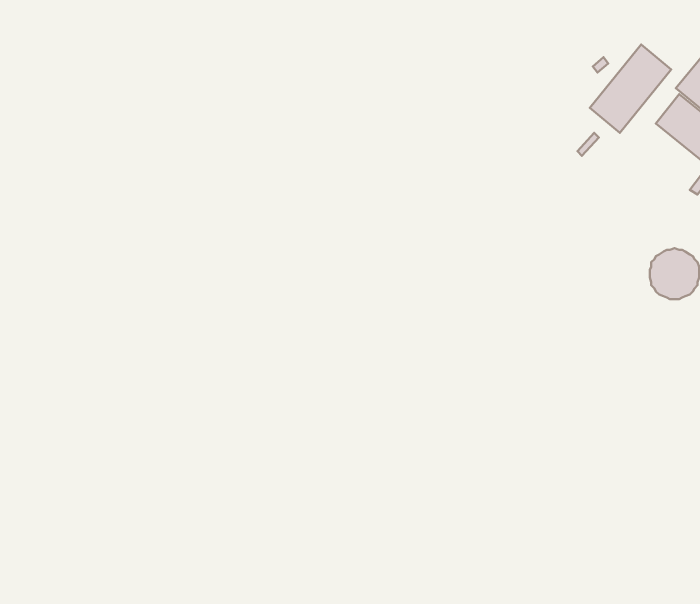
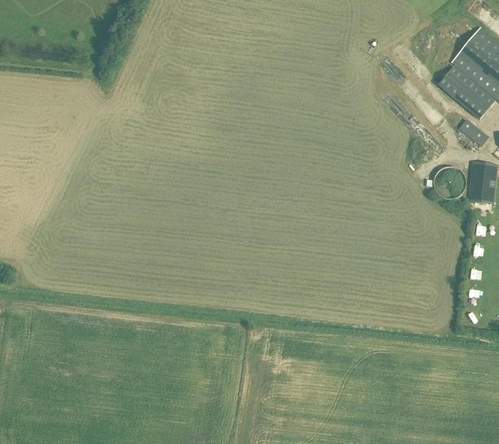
building: [590,45,671,133] -> none

